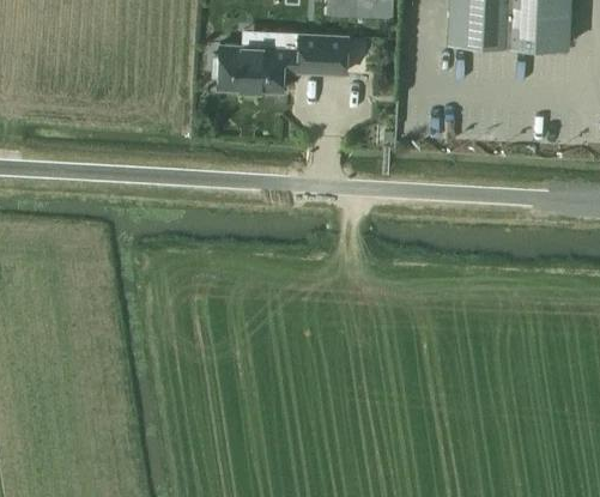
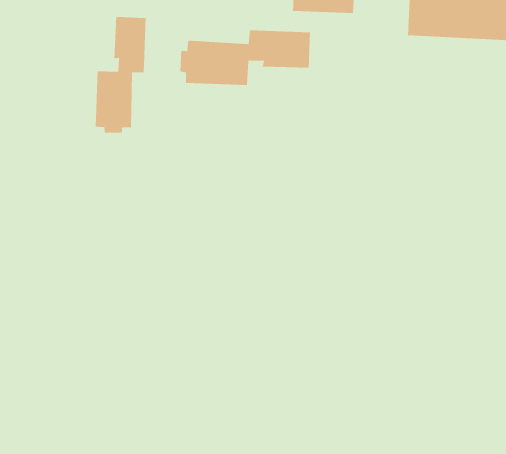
building: none -> [95,16,146,133]

